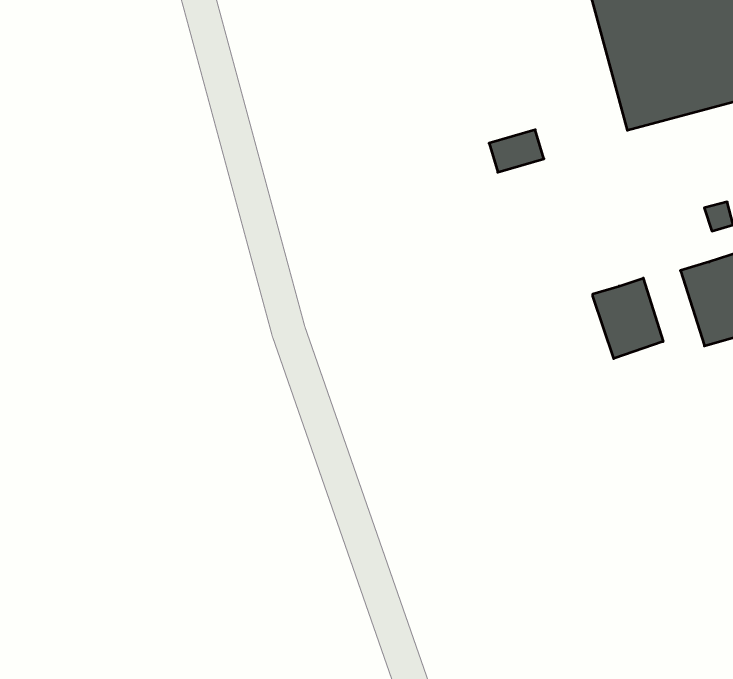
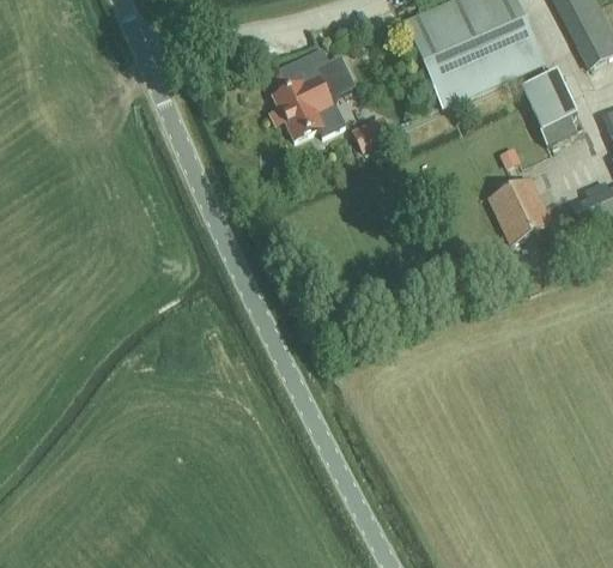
building: none -> [269,47,356,138]
building: [593,278,663,359] -> none

